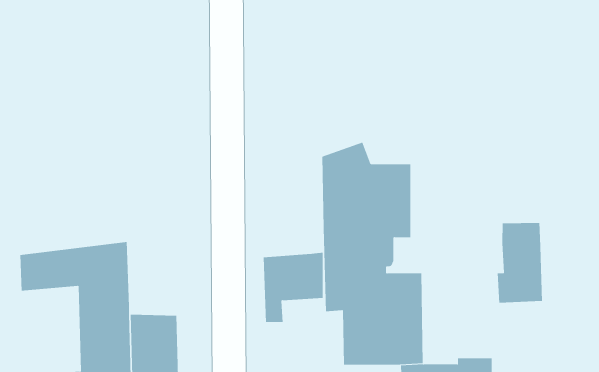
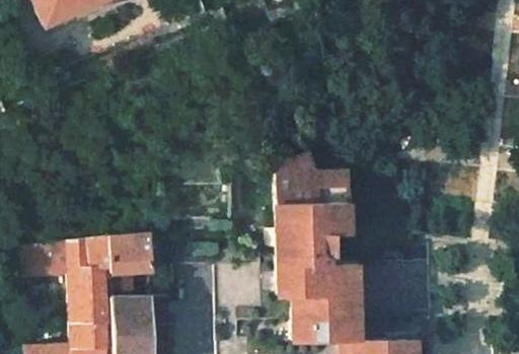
building: [497,222,543,304] -> none
building: [263,252,323,323] -> [113,234,163,293]

